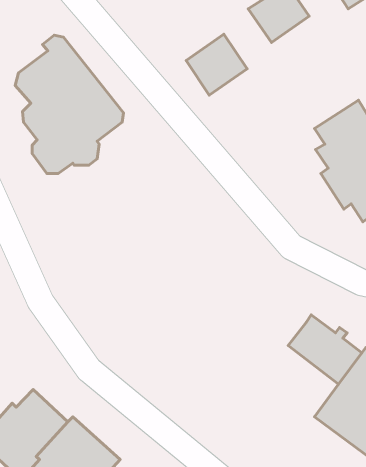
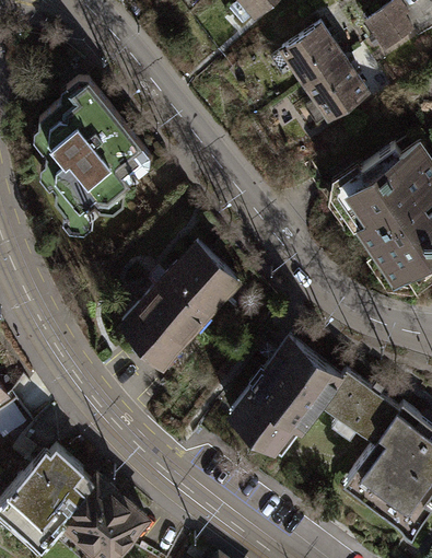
building: [186,34,247,95] -> [304,59,367,123]
building: none -> [121,245,238,362]
building: none -> [231,339,340,455]

